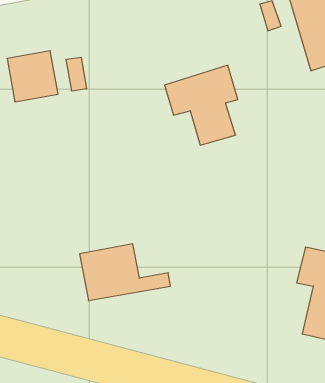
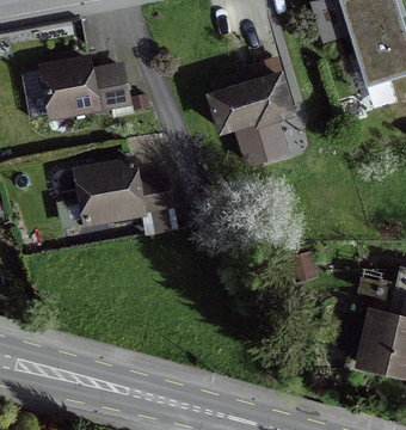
building: [80,244,170,301] -> [74,161,172,222]

